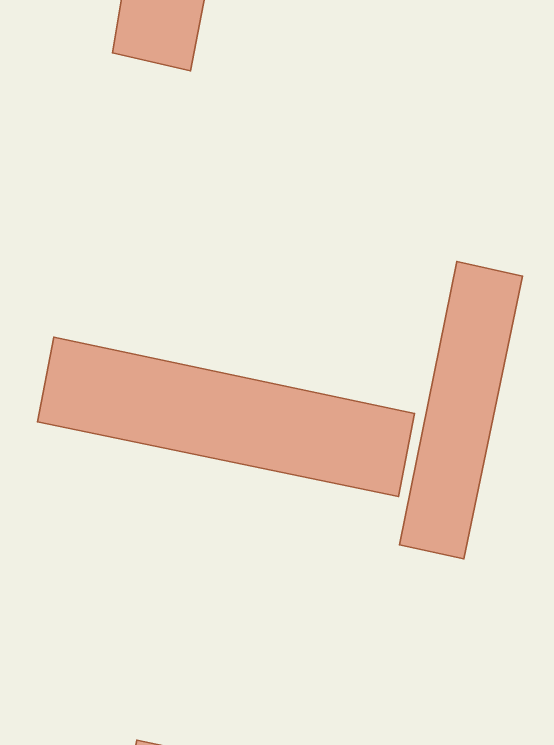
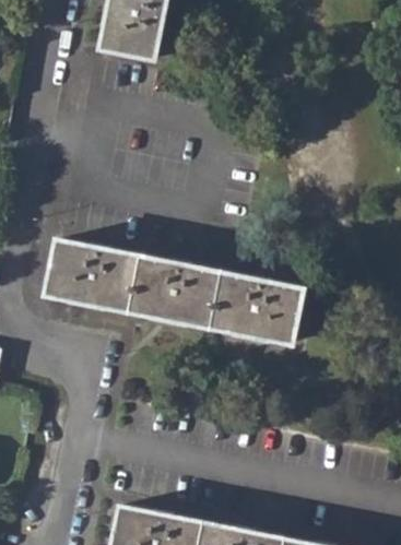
building: [400,262,523,559] -> none

